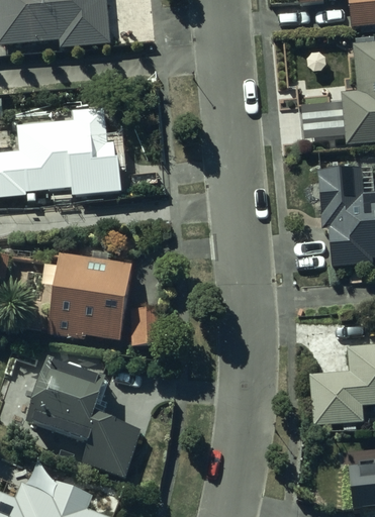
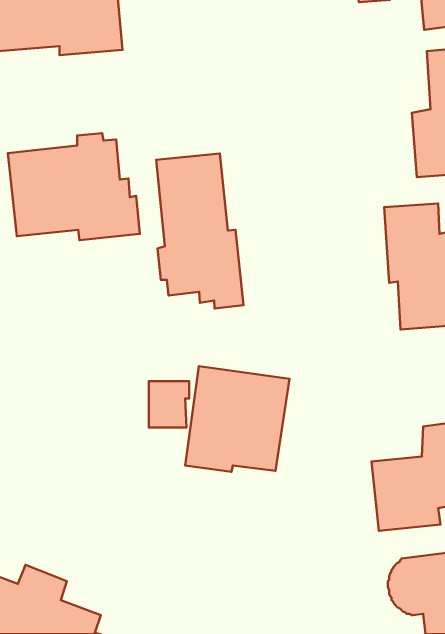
building: none -> [156,153,243,308]
building: [48,253,131,338] -> [185,366,289,472]
building: [26,358,140,477] -> none

